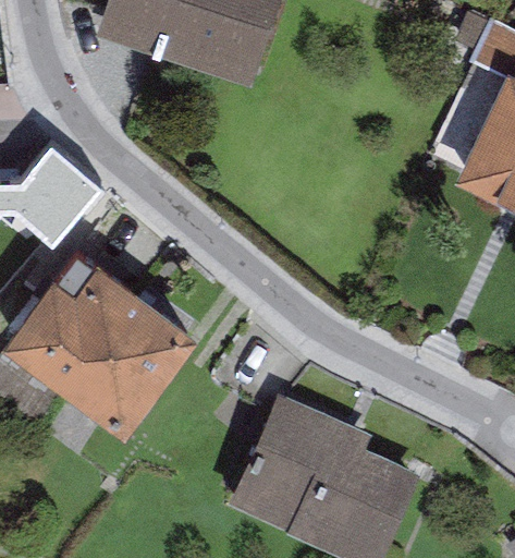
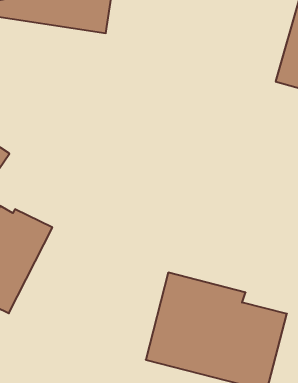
building: [64,305,196,448] -> none

